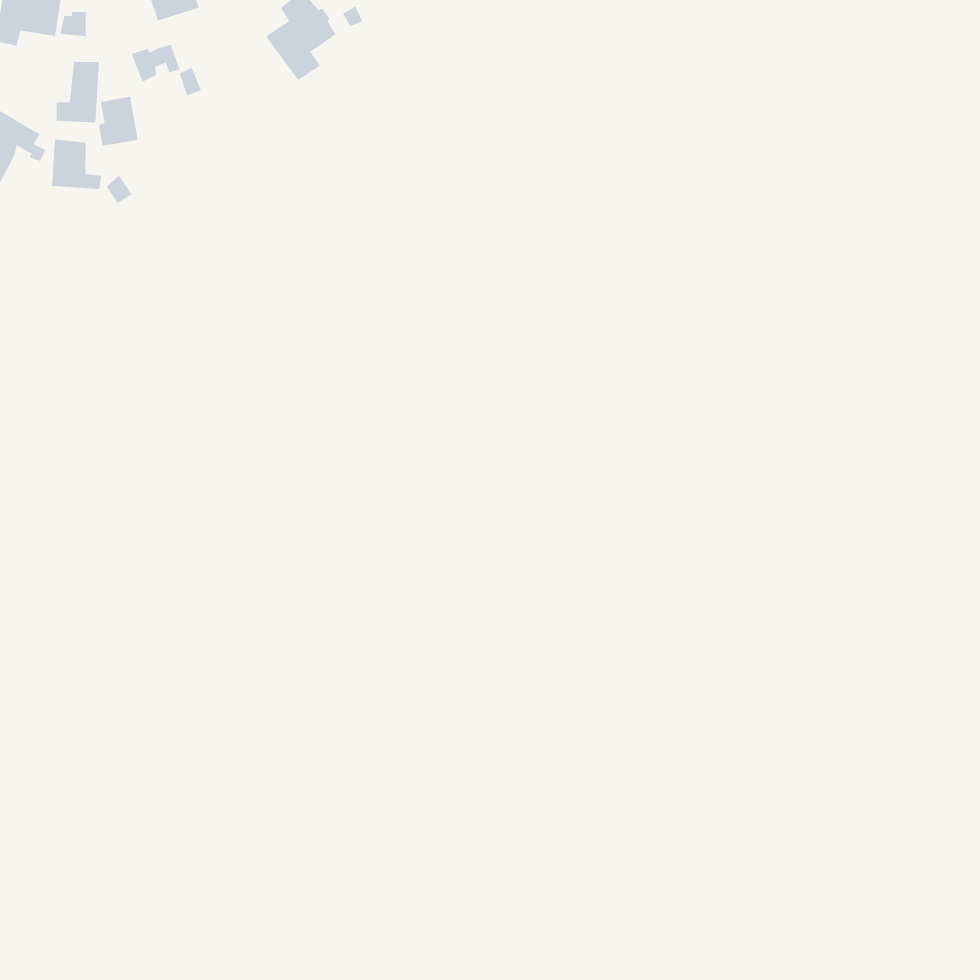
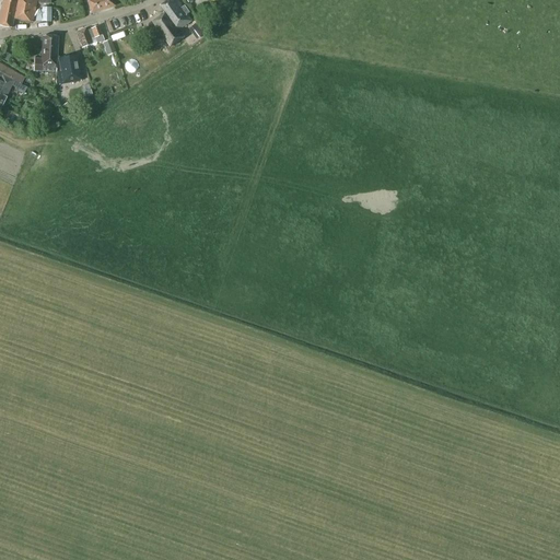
building: [52,139,102,190] -> none

